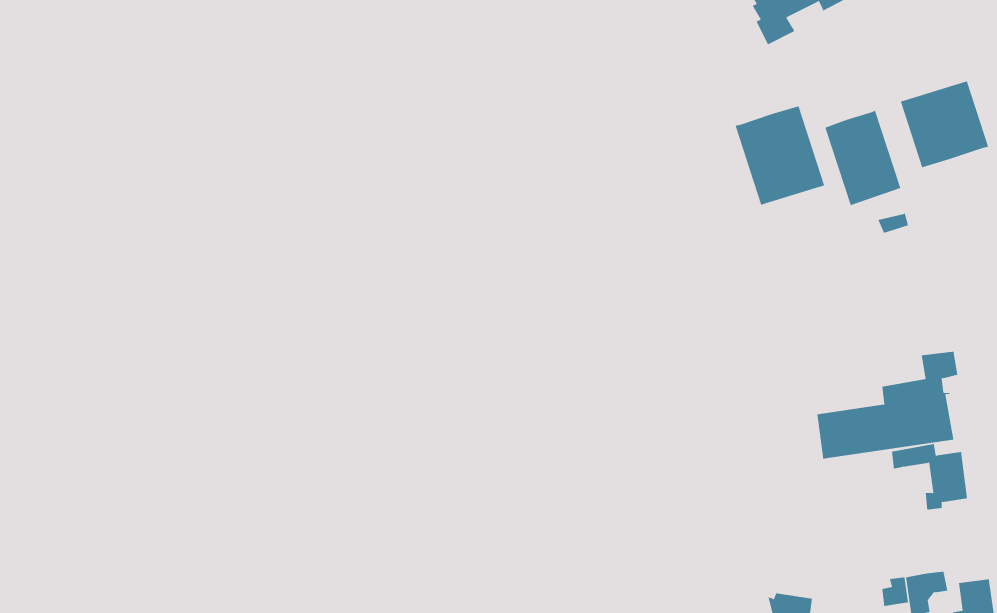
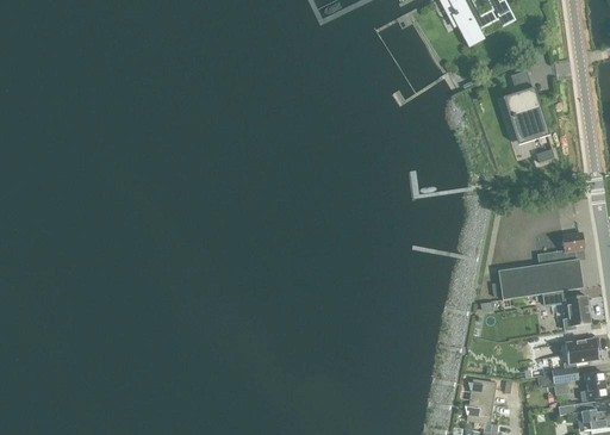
building: [900,80,989,168] -> none
building: [735,105,825,206] -> none
building: none -> [565,337,599,367]

